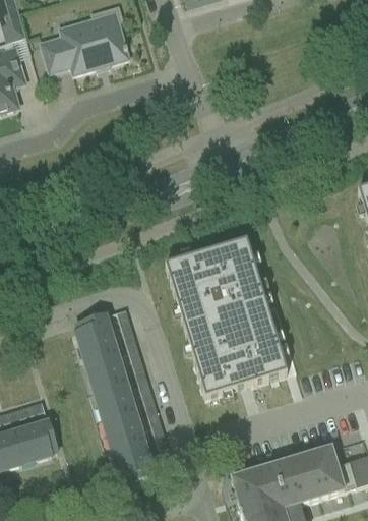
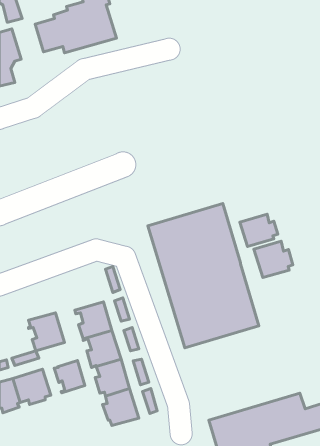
building: none -> [240,214,278,246]
building: none -> [254,241,293,278]
building: [76,312,116,354] -> [29,313,65,351]
building: none -> [54,361,85,393]

